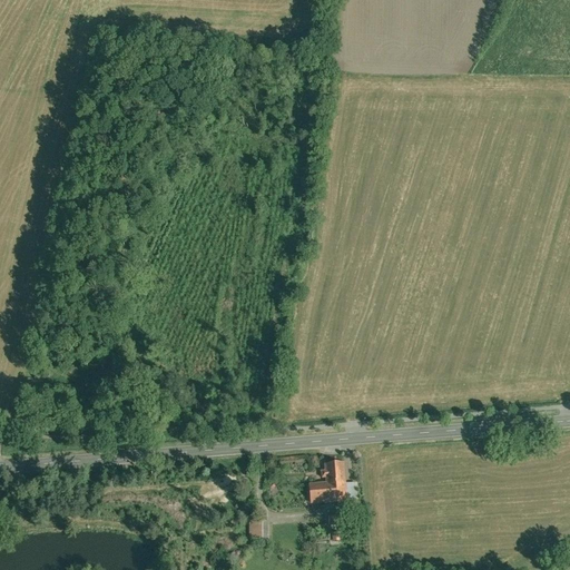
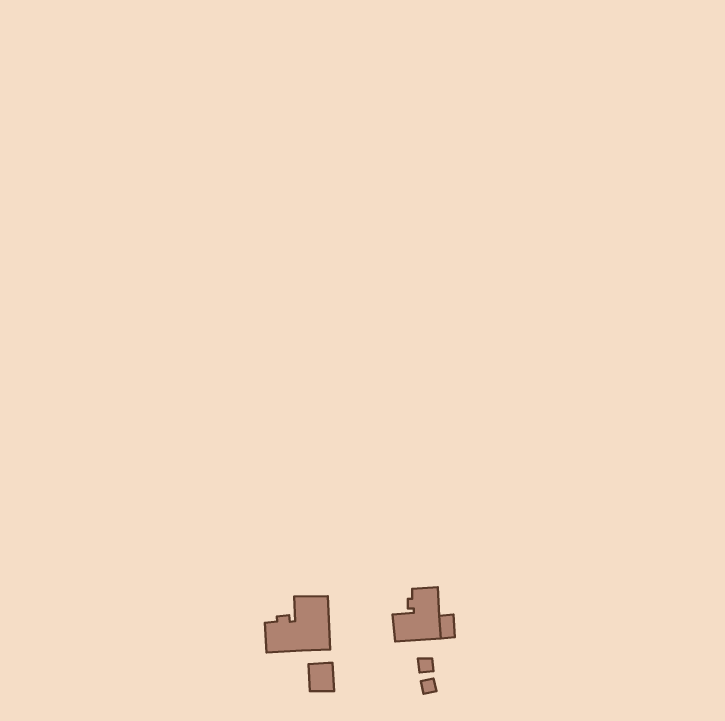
building: none -> [265,596,330,653]

